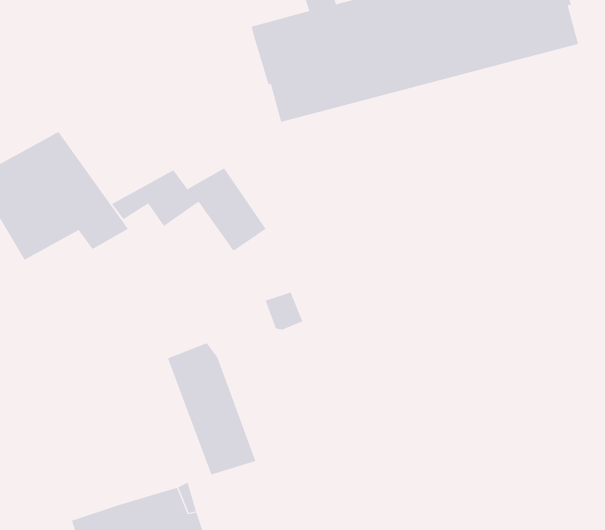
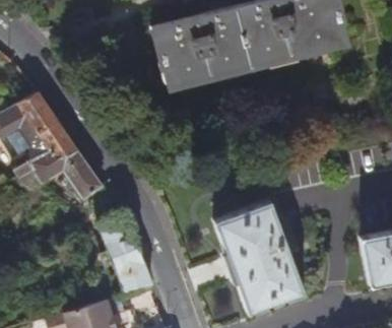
building: [111,168,266,251] -> [15,151,106,200]
building: none -> [217,202,308,316]

